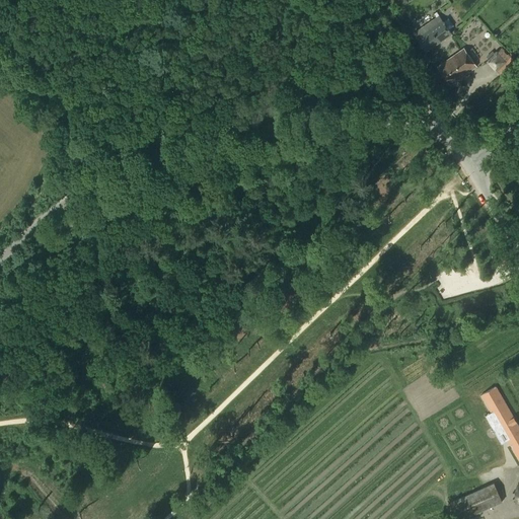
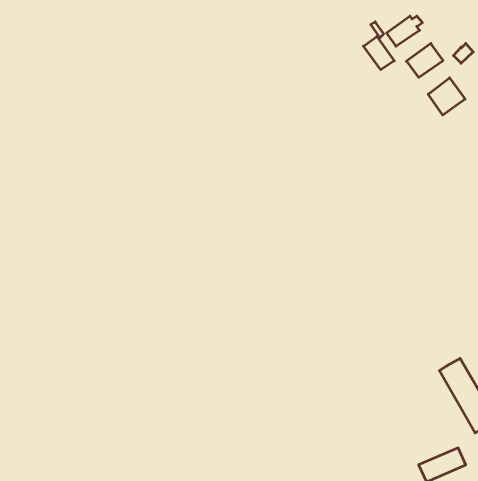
building: none -> [363,36,394,70]
building: none -> [428,78,465,115]

